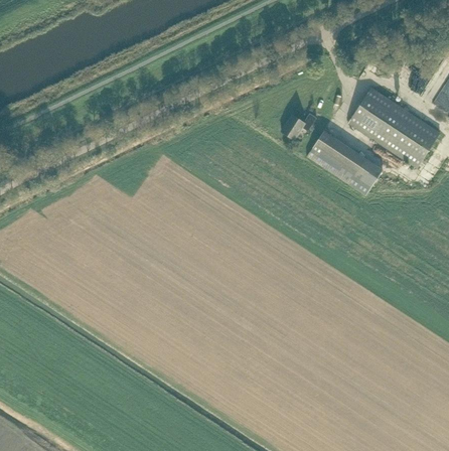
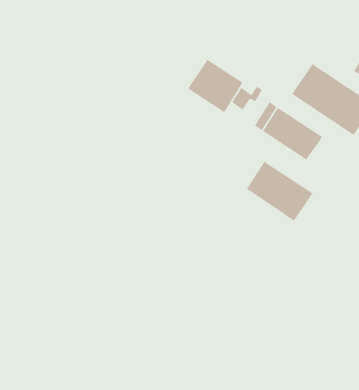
building: none -> [187,59,243,113]
building: none -> [246,161,313,222]

